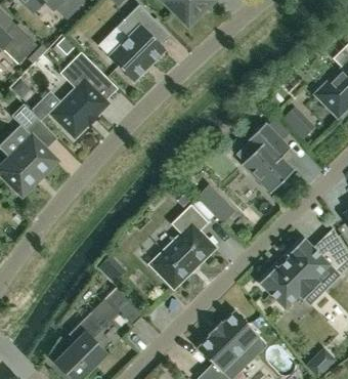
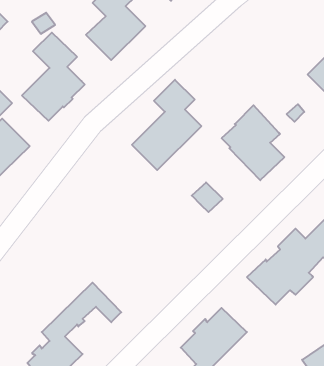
building: [150,204,215,288] -> [132,80,201,170]

